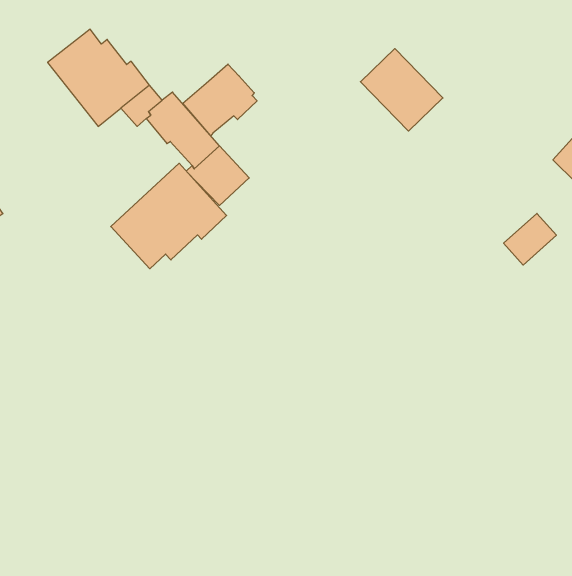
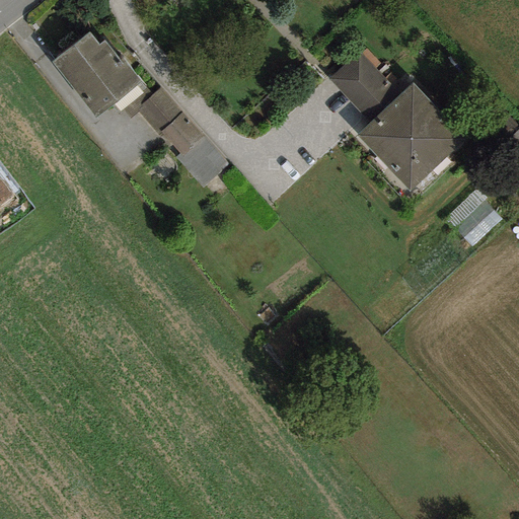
building: [183,64,257,136] -> none
building: none -> [357,82,465,190]
building: [111,163,227,269] -> none

